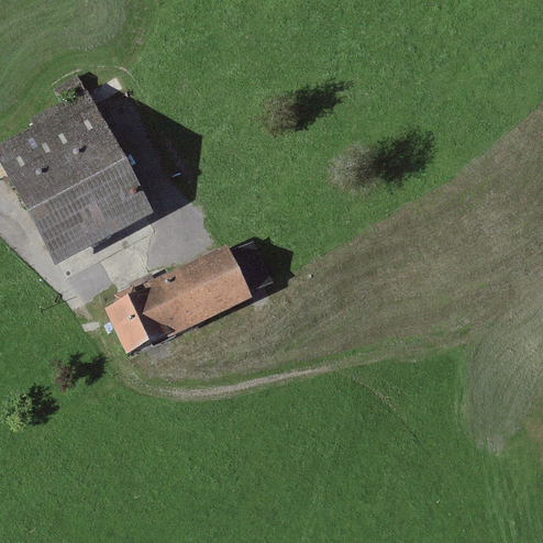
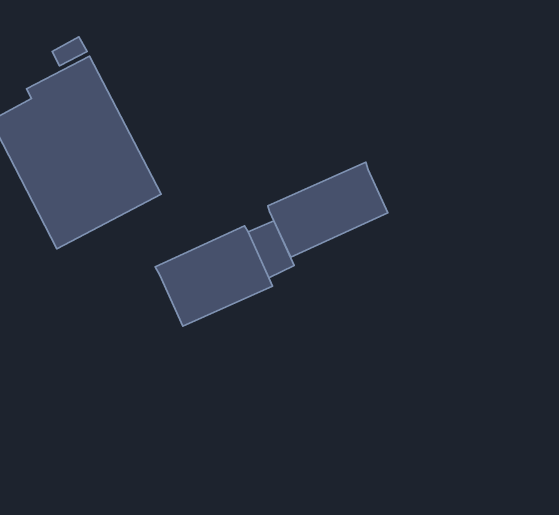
building: none -> [268,162,388,257]
building: [104,285,170,355] -> none

